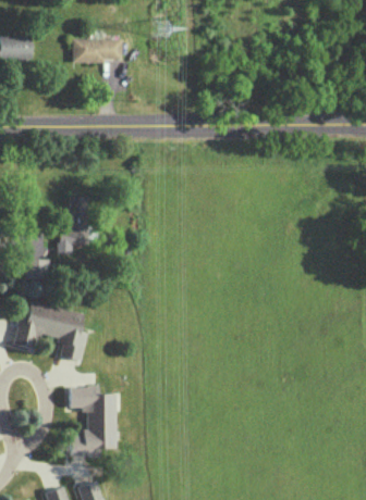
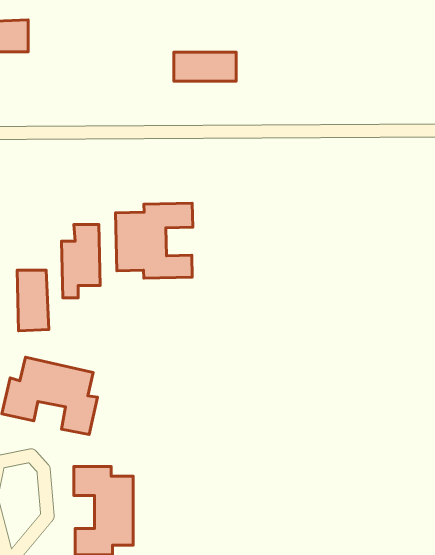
building: [73,39,122,62] -> [174,52,236,81]
building: none -> [115,203,193,278]

